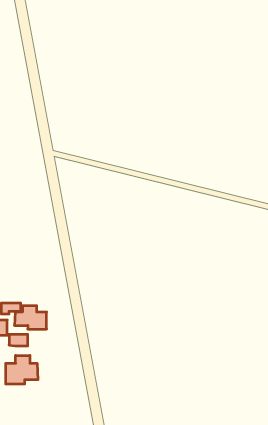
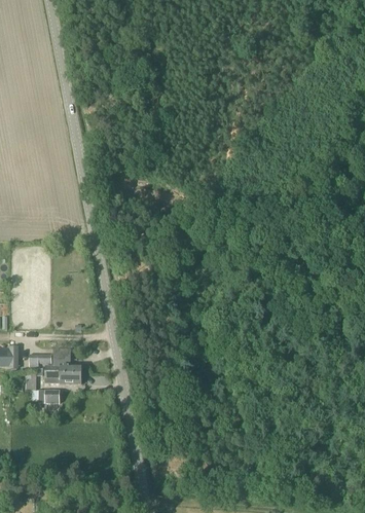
building: [6,355,38,384] -> none

